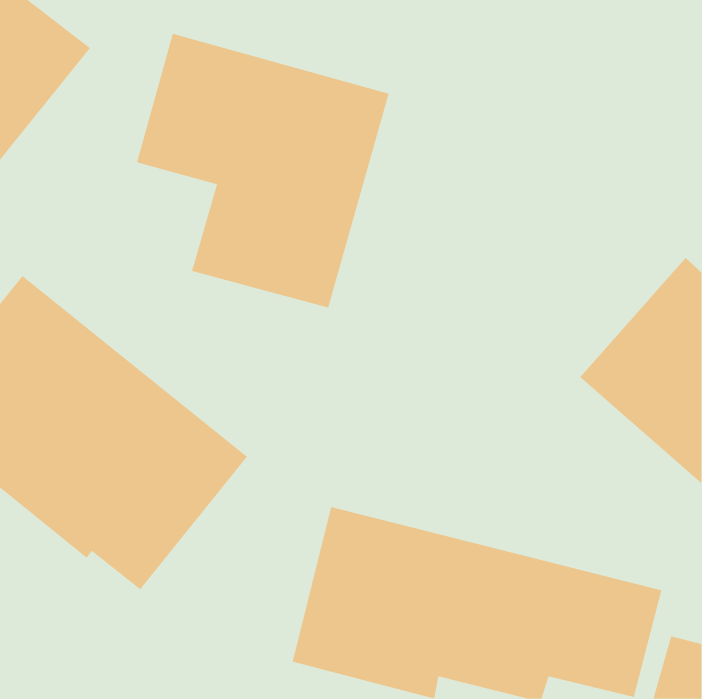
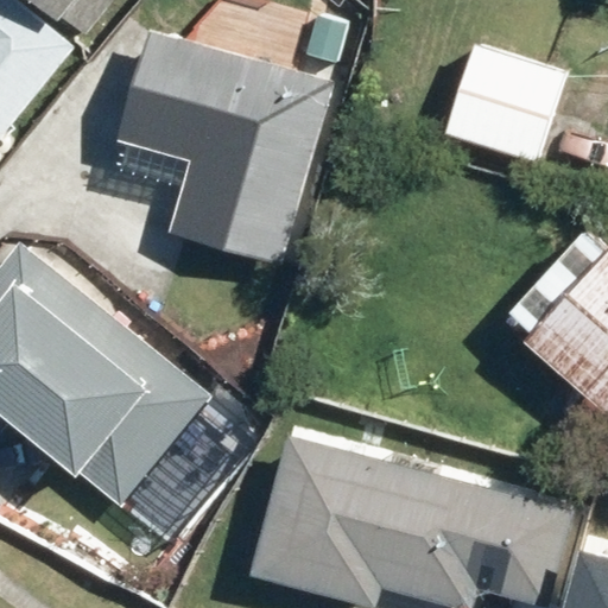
building: none -> [443,43,568,164]

